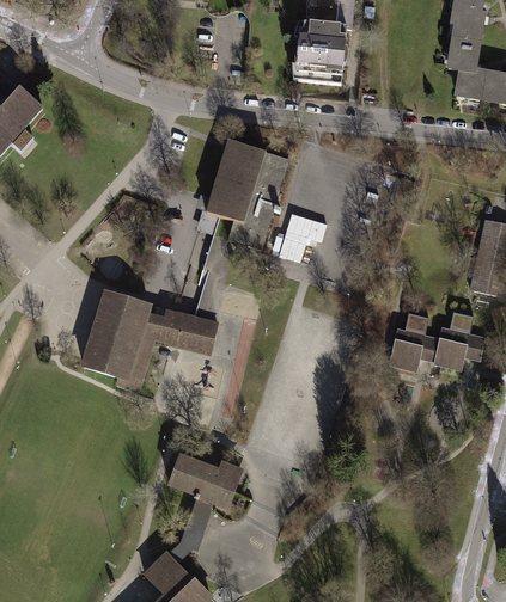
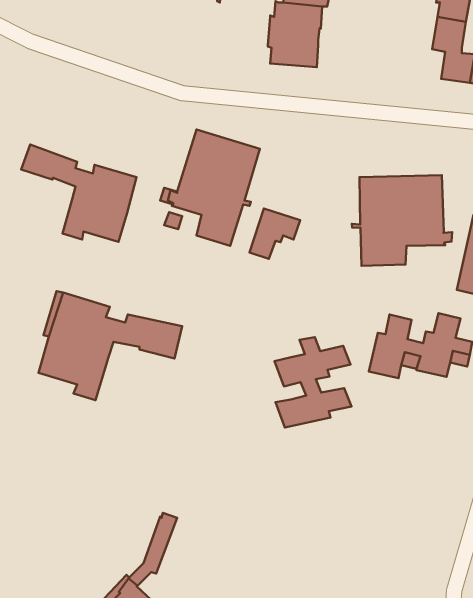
building: none -> [21,144,137,242]
building: none -> [352,175,452,266]
building: none -> [274,337,352,427]
building: [169,456,239,505] -> none

